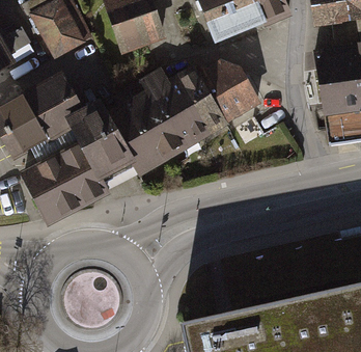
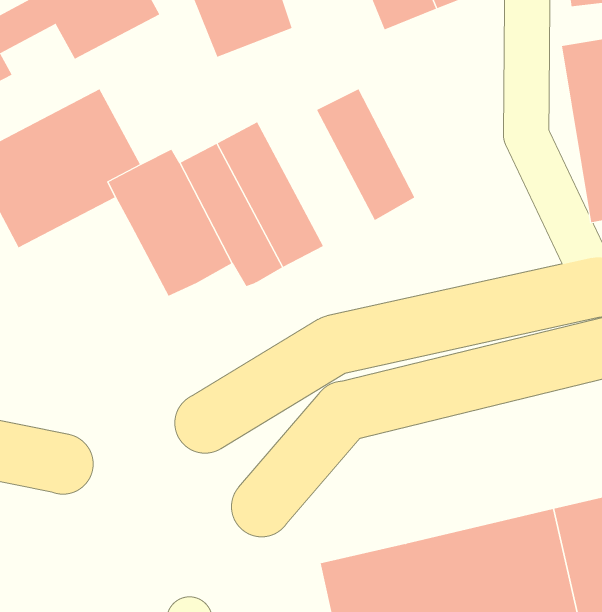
building: [202,51,266,127] -> none
building: [142,61,211,153] -> none
building: [21,142,106,221] -> none

